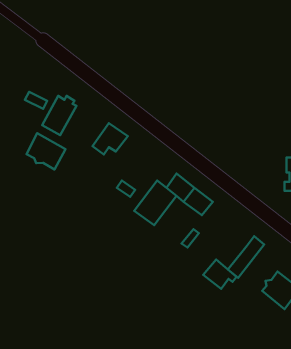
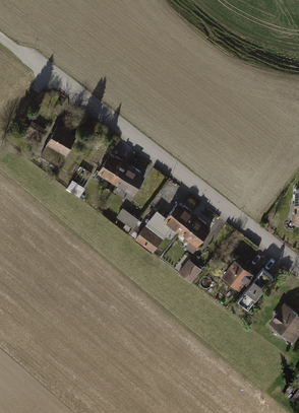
building: [27,133,66,169] -> none
building: none -> [120,168,151,197]
building: [203,260,236,289] -> [219,261,252,290]

